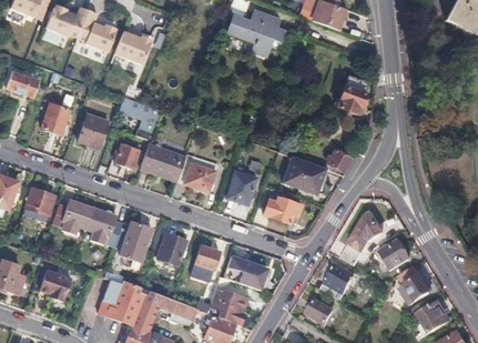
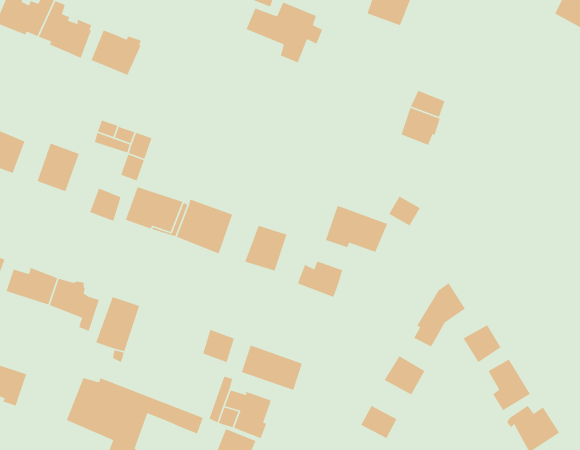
building: [156,233,185,265] -> none

